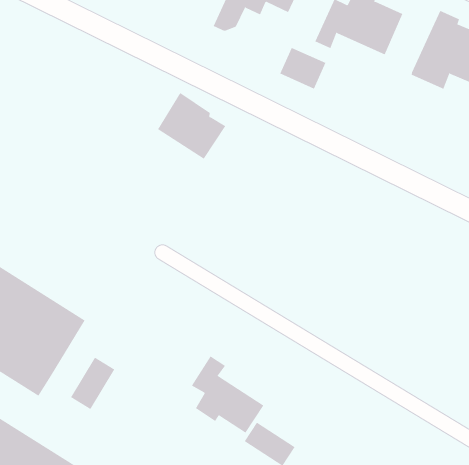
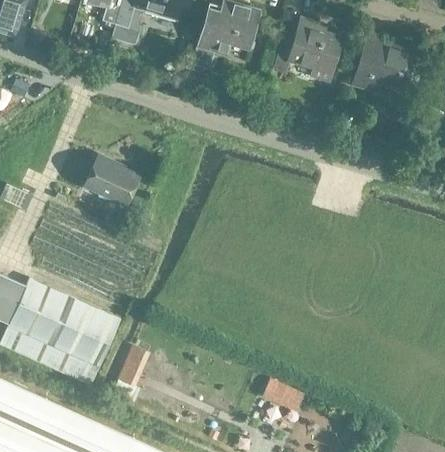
building: [279,47,326,89] -> none
building: [157,92,226,159] -> [84,155,139,206]
building: [191,355,264,433] -> none

